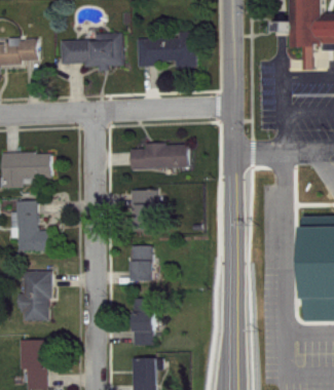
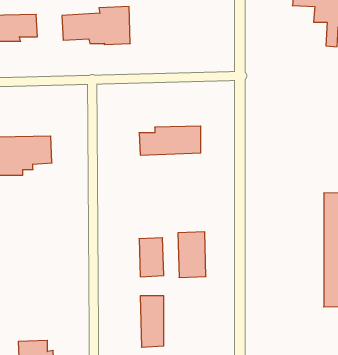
building: [137,33,196,69] -> none
building: [133,190,158,232] -> [178,232,206,277]
building: [9,201,49,252] -> none
building: [17,272,51,322] -> none

